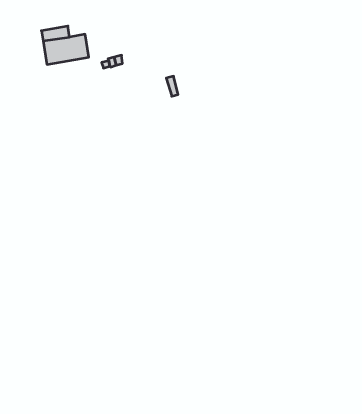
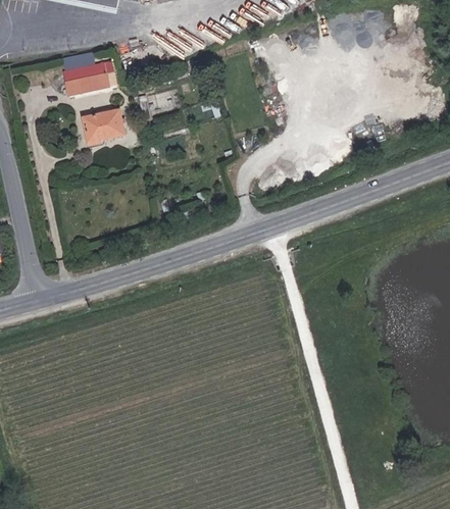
building: none -> [82,106,123,141]

